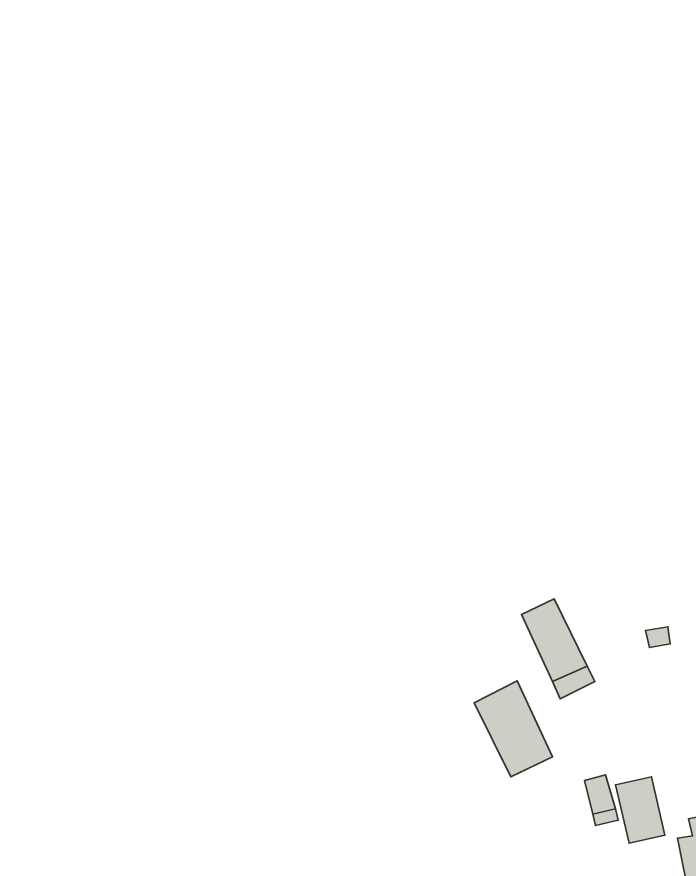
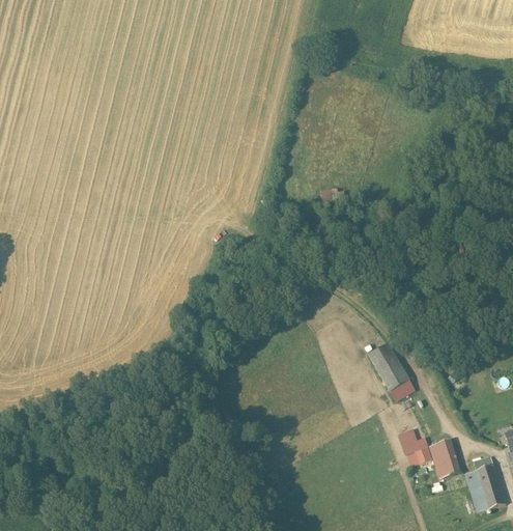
building: [474,681,553,777] -> none

